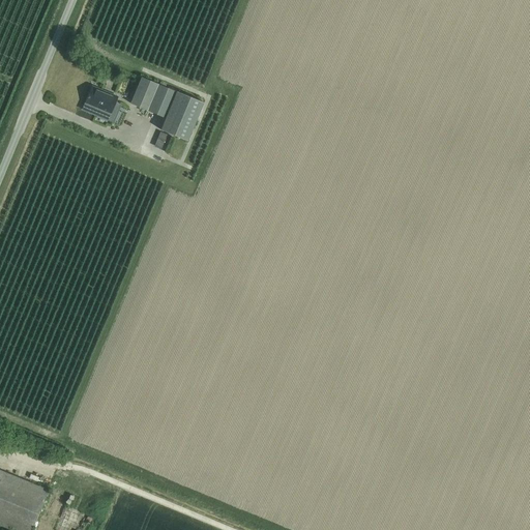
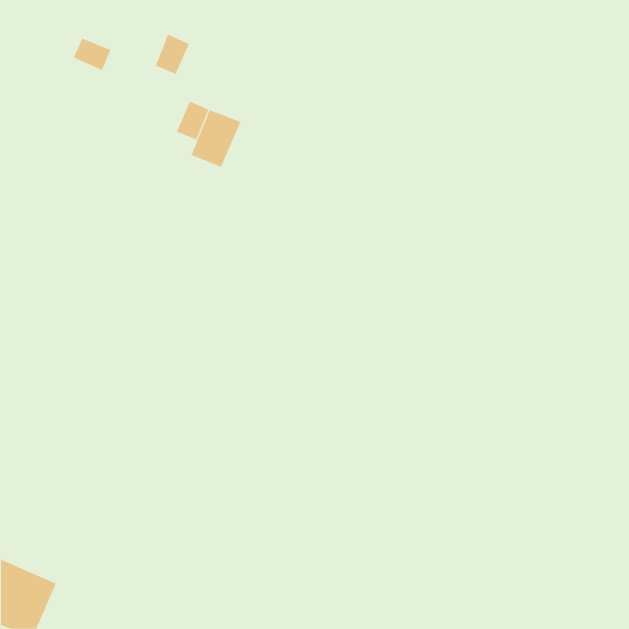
building: [130,77,159,111] -> [155,34,190,74]
building: [85,86,117,114] -> [73,38,111,71]

